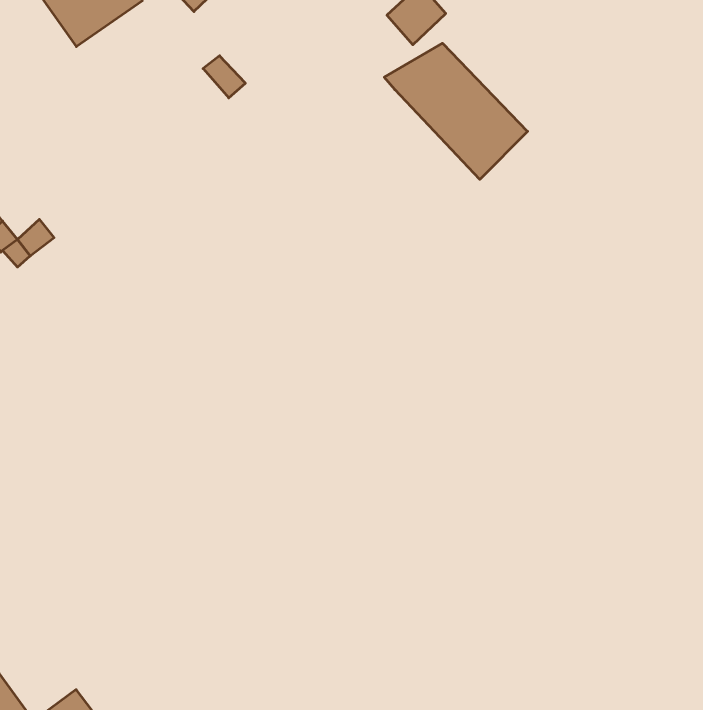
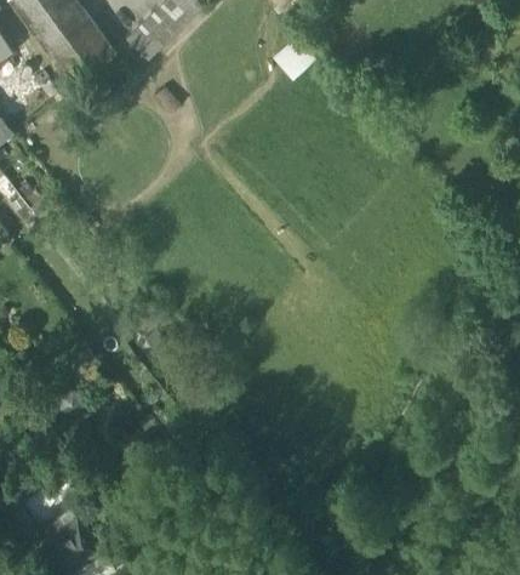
building: [384,43,528,179] -> none

